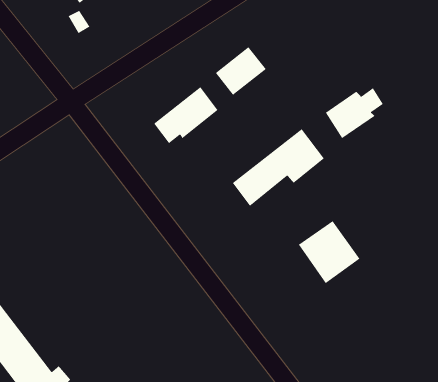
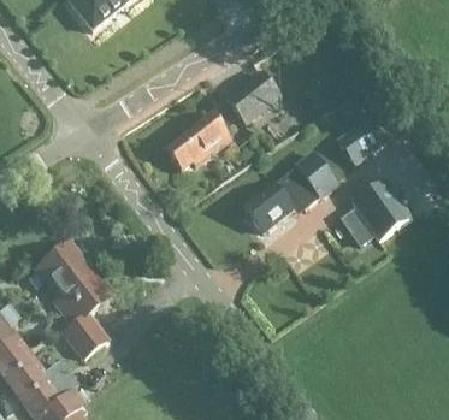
building: none -> [37,244,112,361]
building: [298,220,361,284] -> [350,179,413,243]

